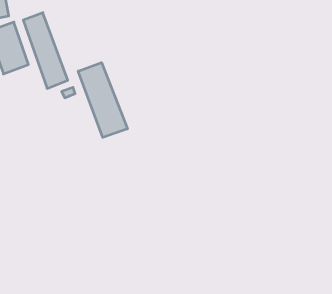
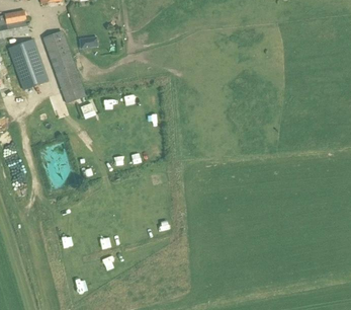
building: [78,63,127,137] -> none

